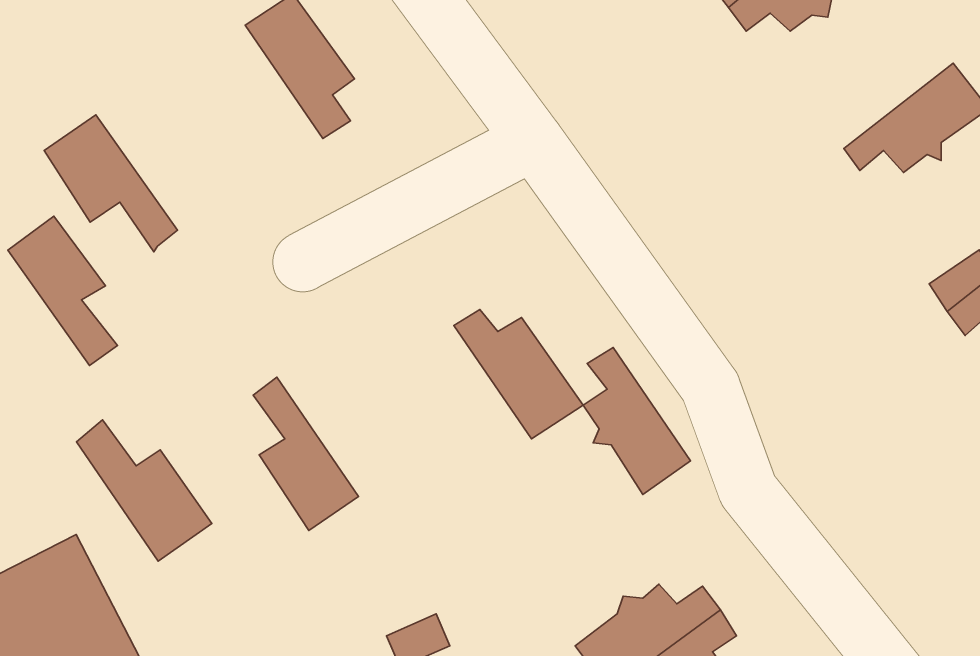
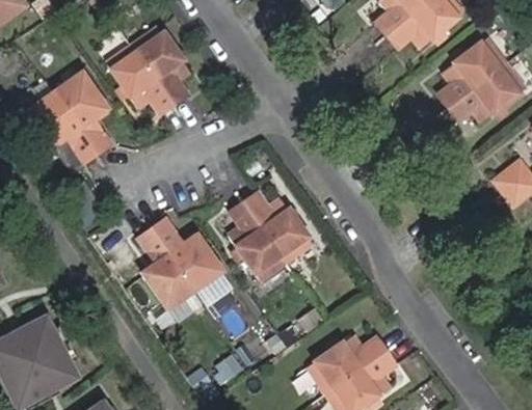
building: none -> [438,40,505,110]
building: none -> [111,46,176,113]
building: [8,216,117,365] -> [57,75,114,153]
building: [583,347,691,495] -> [229,202,285,279]
building: [77,420,212,561] -> [152,218,222,292]

